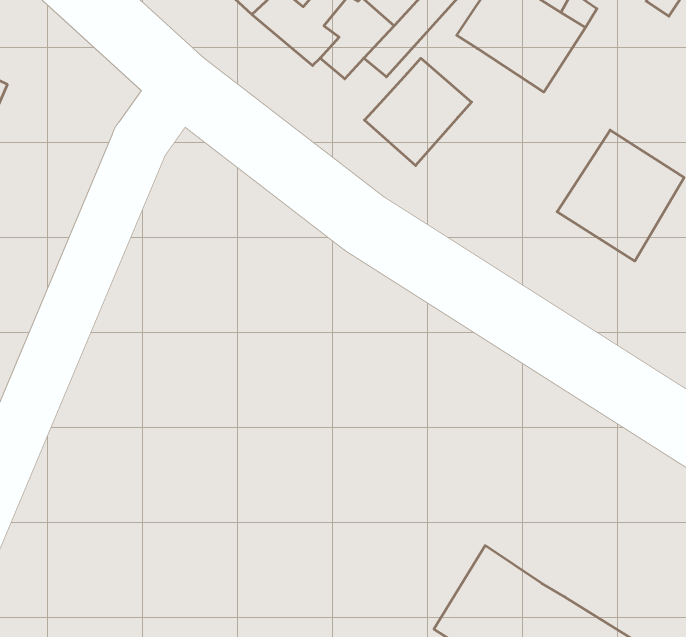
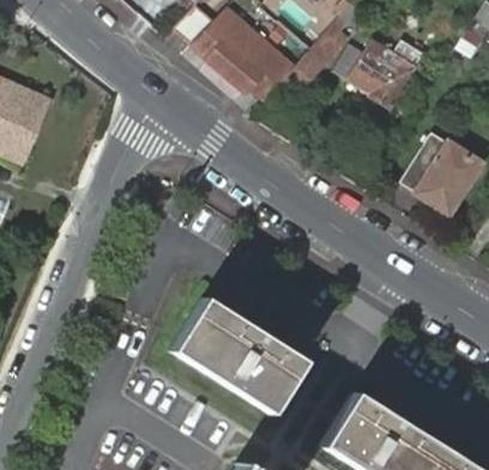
building: [364,58,472,166] -> none
building: none -> [171,299,303,414]

